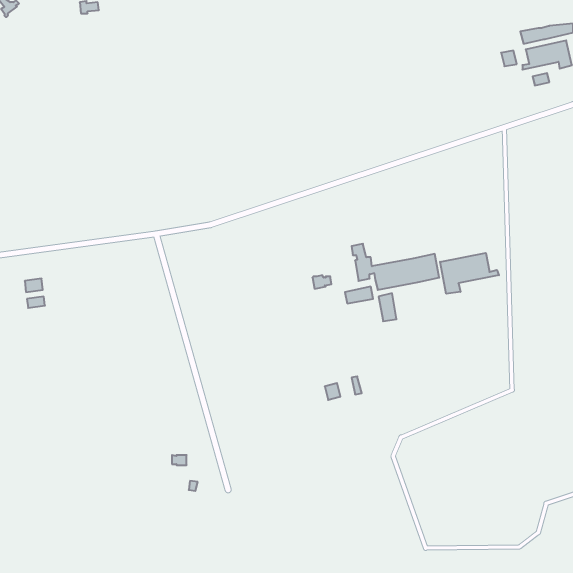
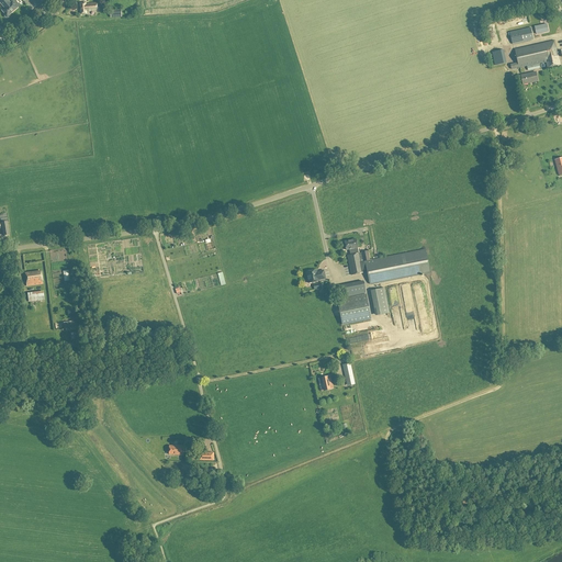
building: [440,253,499,294] -> none
building: none -> [336,294,370,324]

